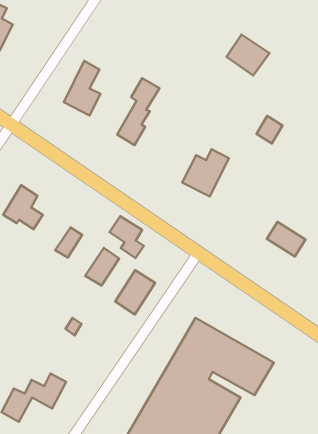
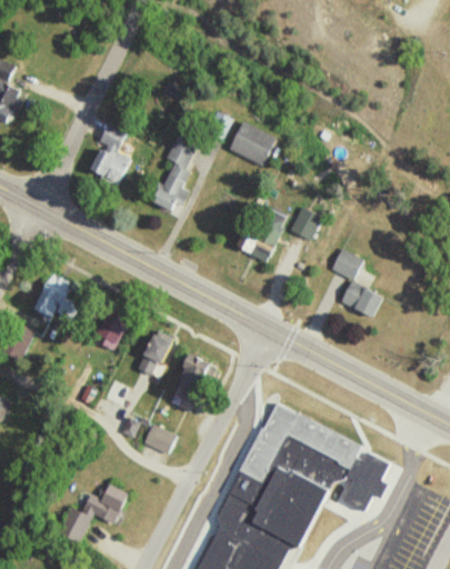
building: [226,34,269,75] -> [229,121,278,167]
building: [256,116,283,143] -> [291,208,320,239]
building: none -> [329,249,362,281]
building: [110,216,144,258] -> none
building: none -> [142,425,178,456]

